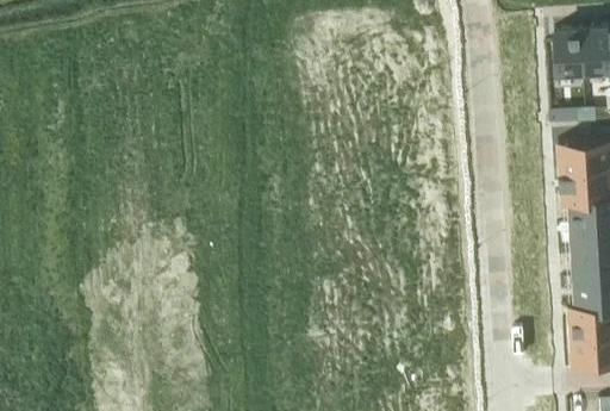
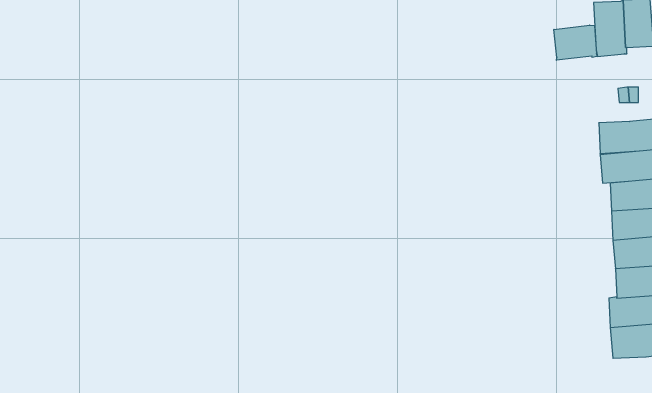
building: none -> [554,25,597,60]

